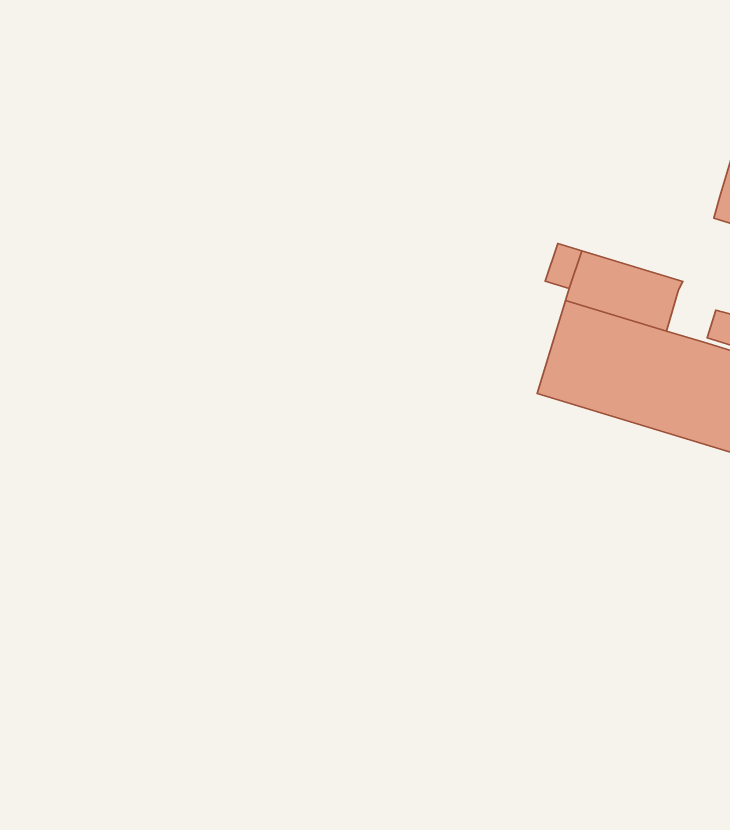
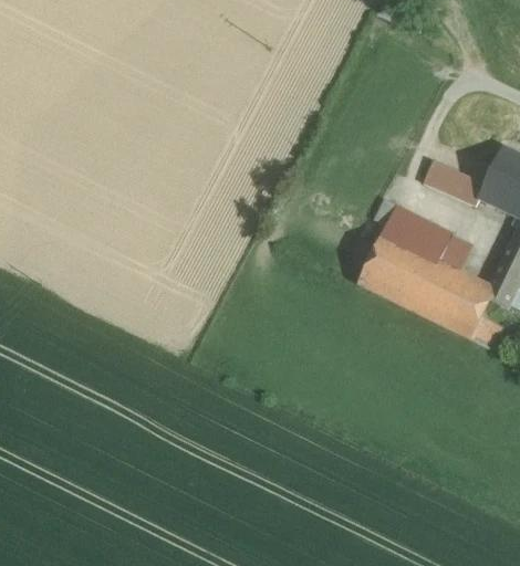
building: none -> [425,161,485,205]
building: none -> [440,235,472,269]

